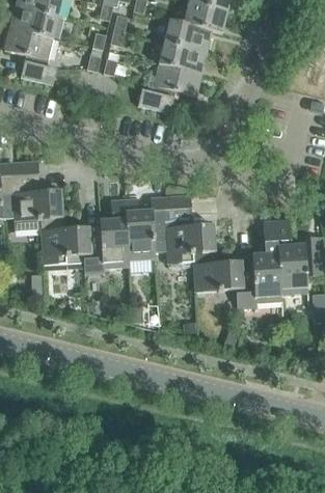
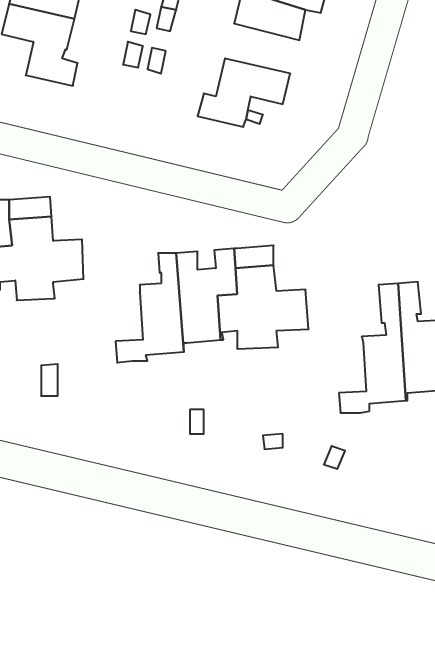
building: [157,42,208,76] -> none
building: [39,216,101,265] -> none
building: [192,250,253,294] -> none

